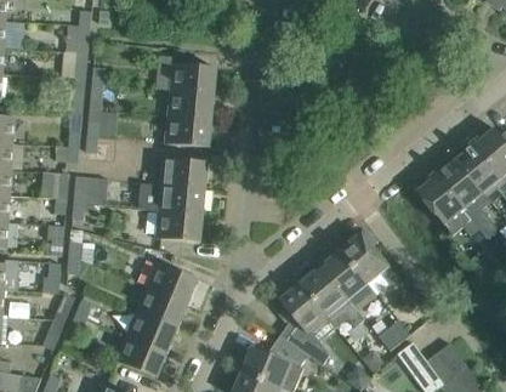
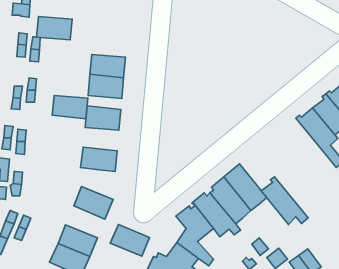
building: [170,63,216,93] -> [37,16,72,40]
building: [417,172,478,234] -> [261,177,308,224]
building: [159,184,205,215] -> [52,95,88,119]
building: [136,286,187,328] -> [110,224,149,256]

